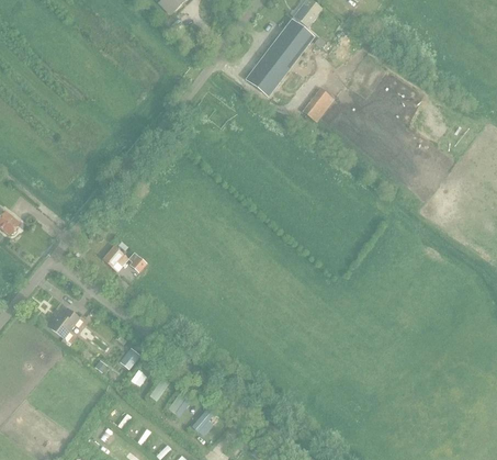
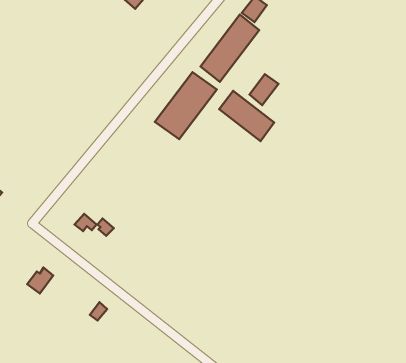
building: none -> [155,72,217,139]
building: none -> [219,91,274,141]

